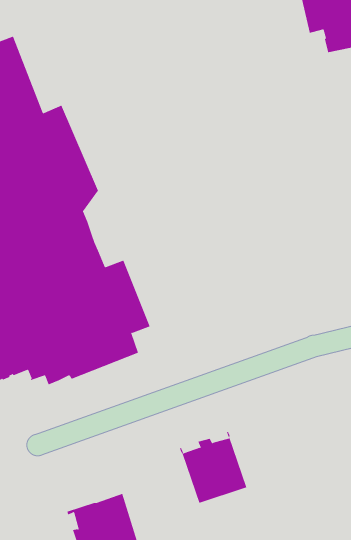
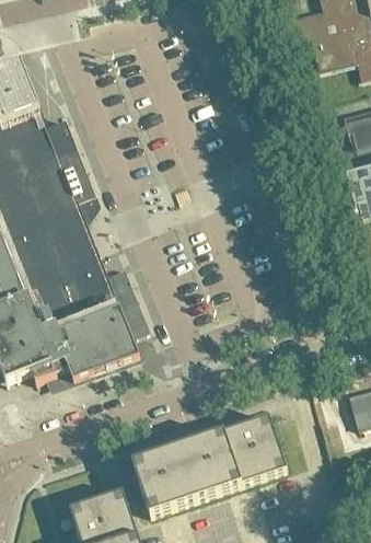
building: none -> [224,415,287,484]
building: none -> [131,451,195,515]

